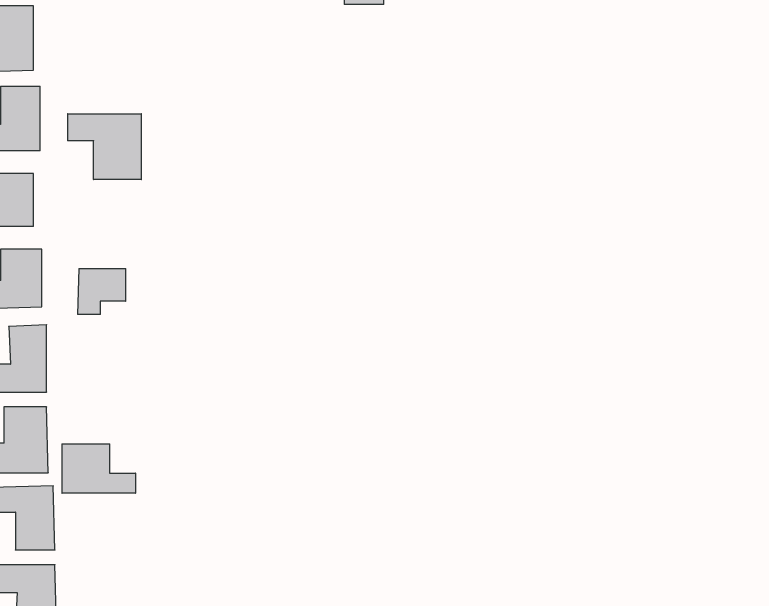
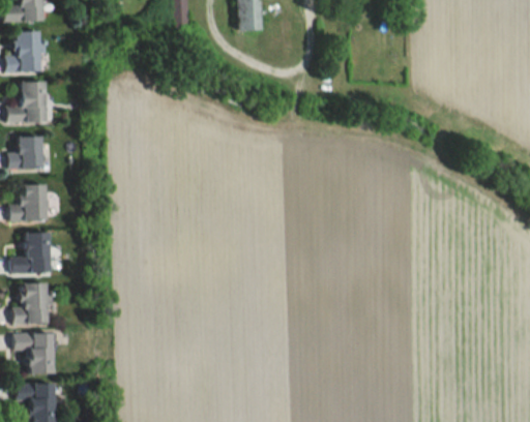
building: [68,114,141,180] -> none
building: [78,269,126,314] -> none
building: [62,444,135,493] -> none

